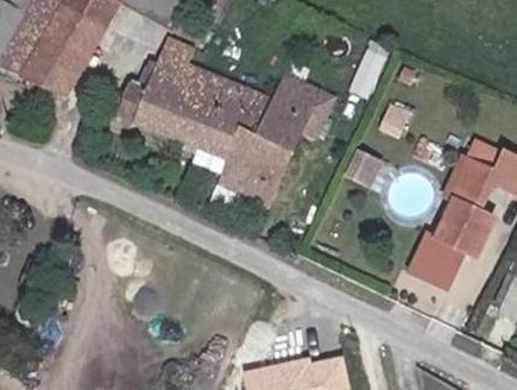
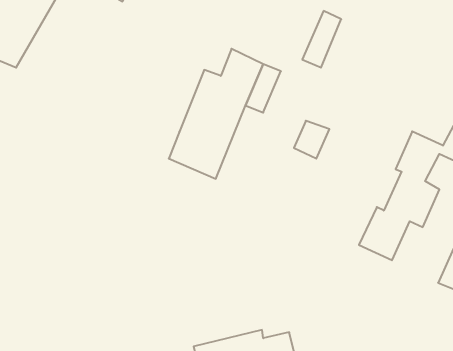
building: [103,36,256,157] -> none

